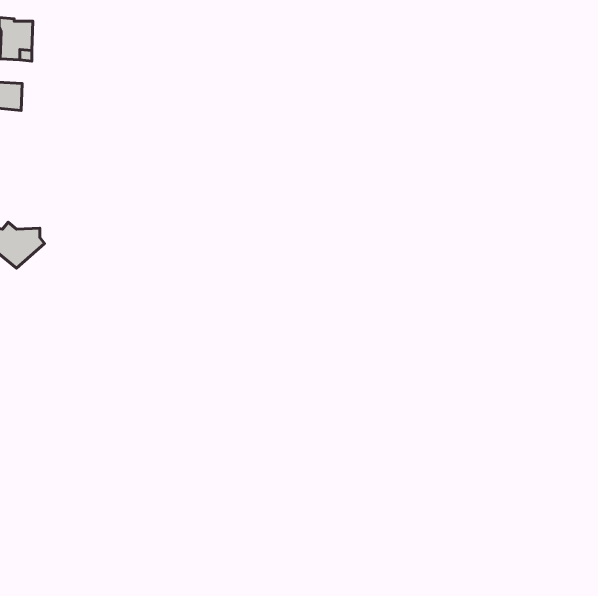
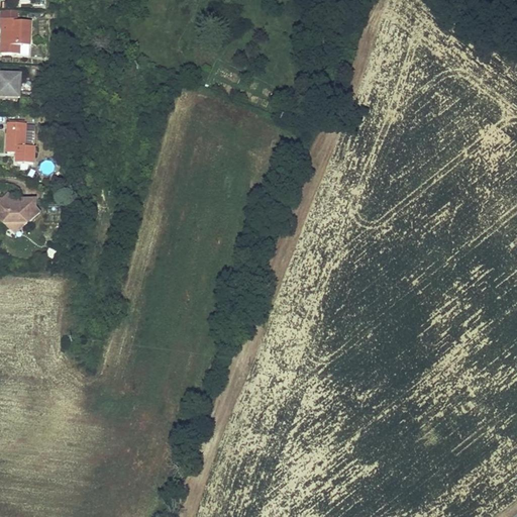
building: none -> [6,120,32,162]

